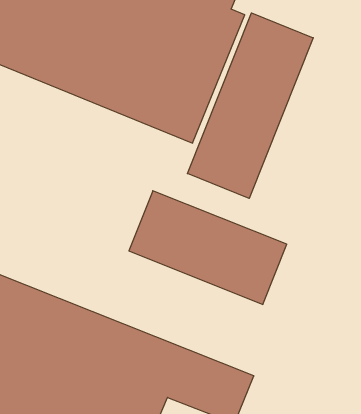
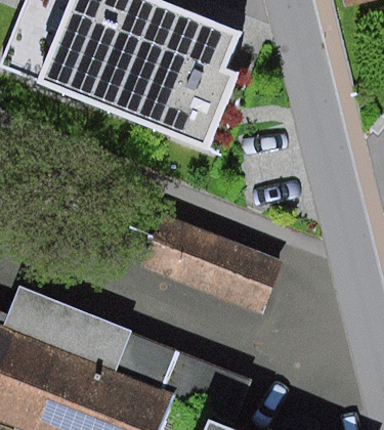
building: [187,13,313,198] -> none

